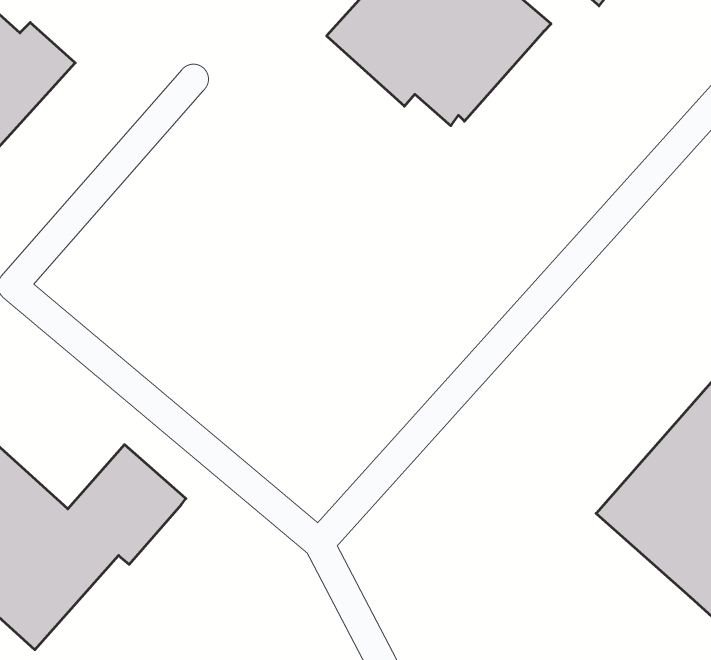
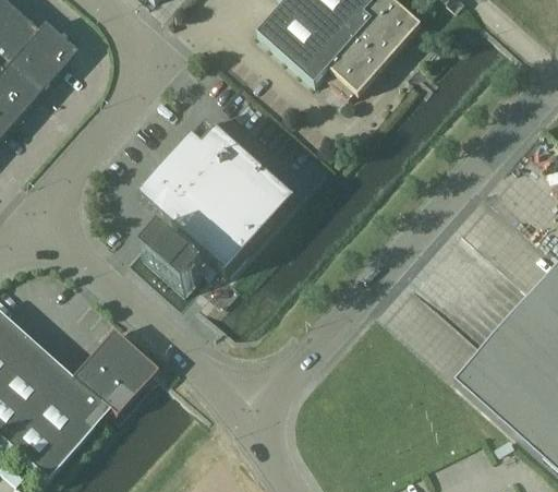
building: none -> [142,118,295,290]

